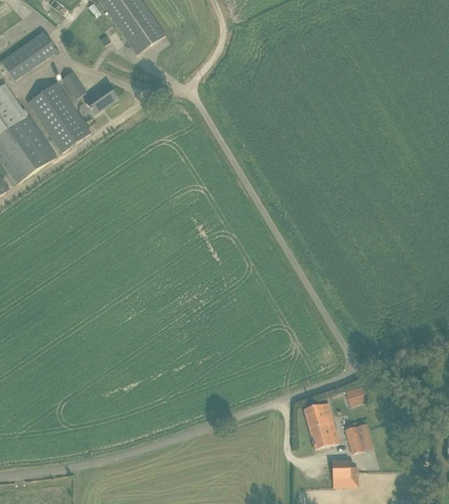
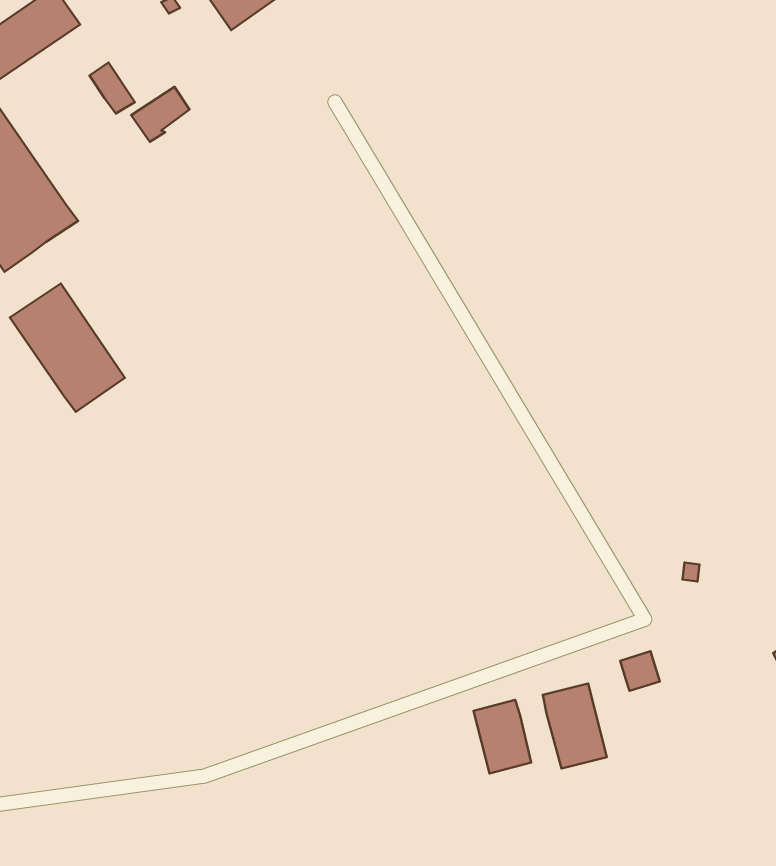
building: [28,82,90,151] -> [10,284,125,412]
building: none -> [473,700,531,774]
building: [345,424,373,454] -> none
building: [332,460,358,488] -> none

